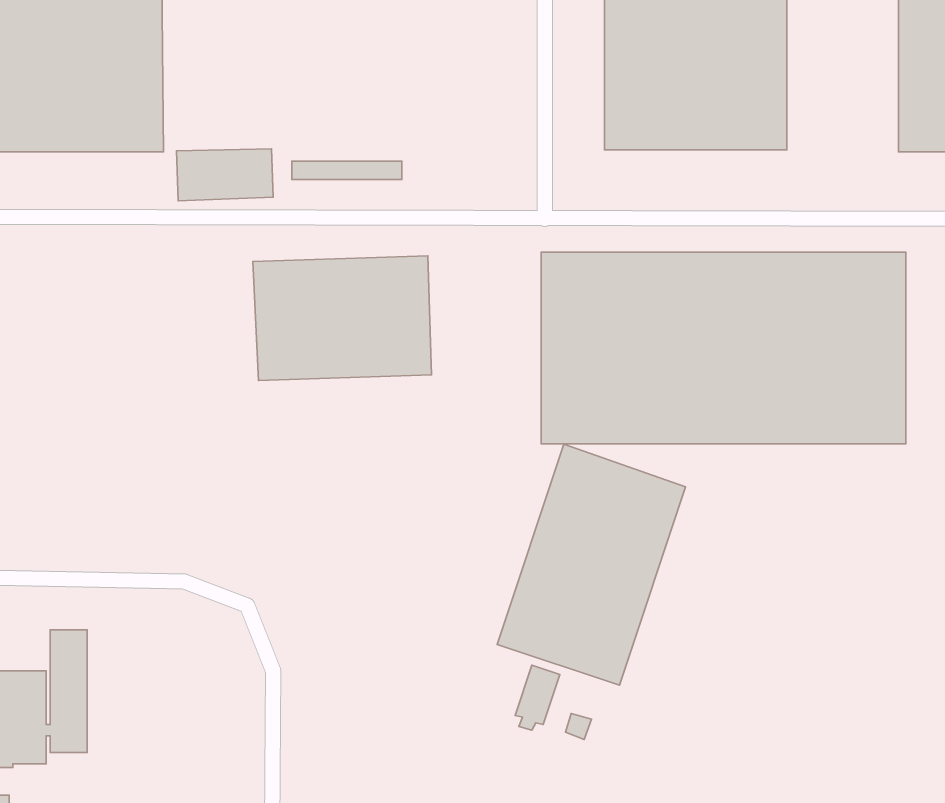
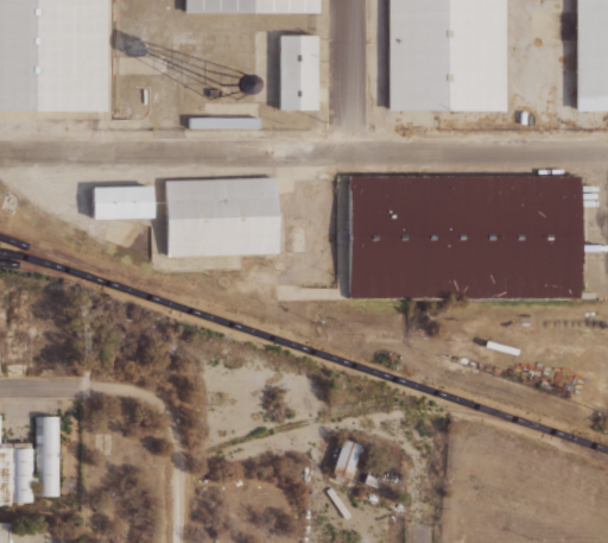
building: none -> [280,36,318,111]
building: [176,149,273,201] -> [93,185,154,219]
building: [497,444,686,685] -> none

